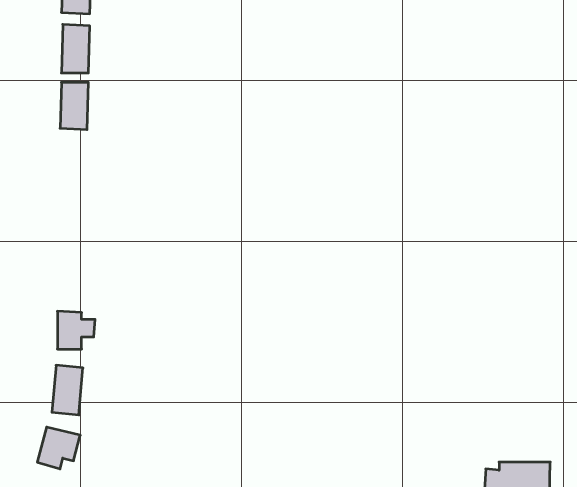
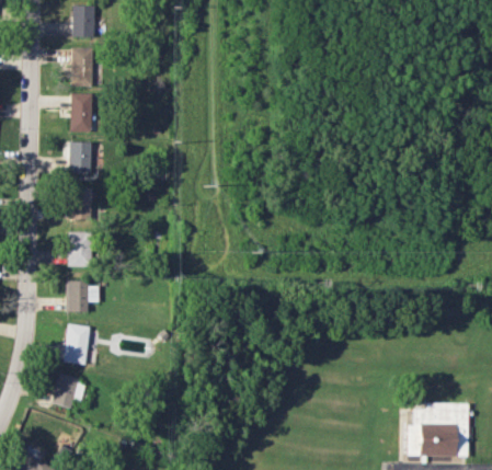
building: none -> [68,142,90,174]
building: none -> [68,187,91,219]
building: none -> [67,231,91,267]

